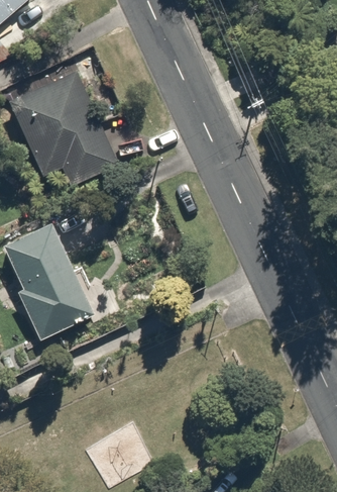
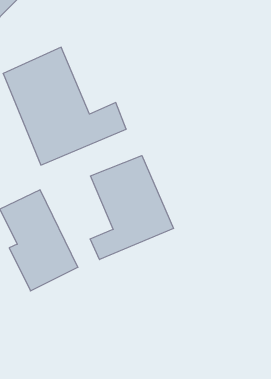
building: none -> [90,156,173,260]

